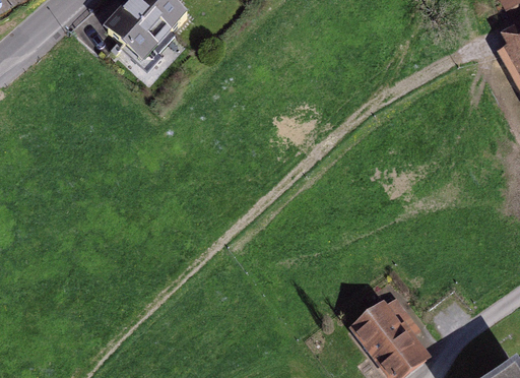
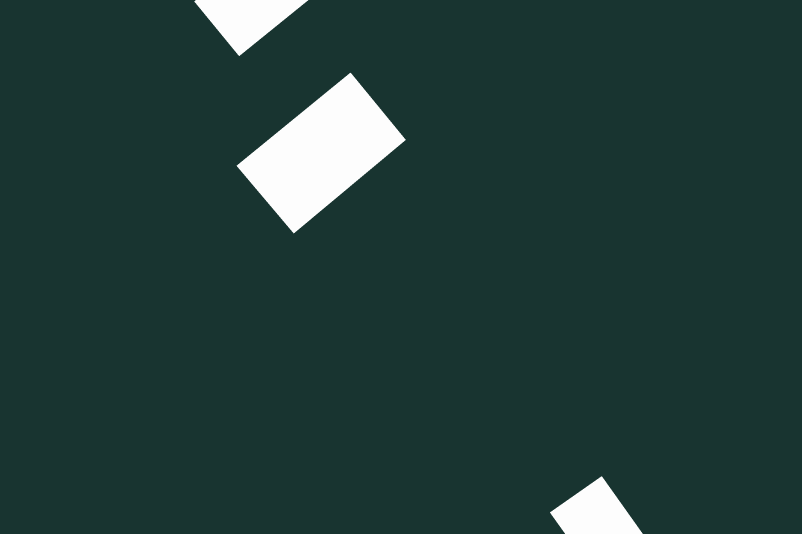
building: none -> [235,72,407,234]

